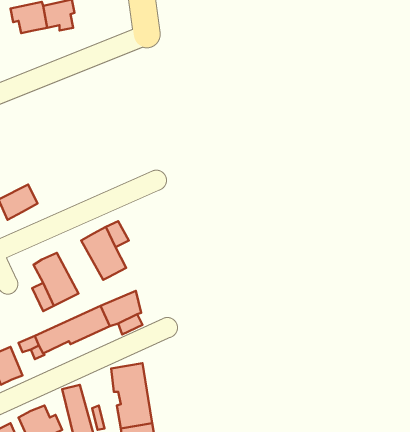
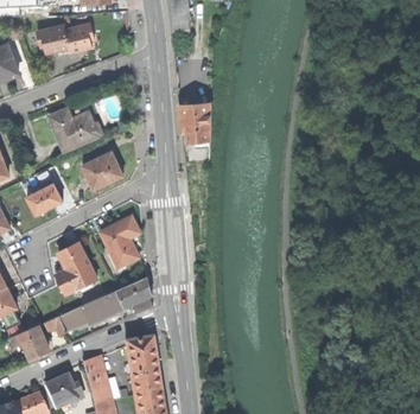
building: none -> [179,103,212,141]
building: none -> [49,108,100,151]
building: none -> [81,151,121,190]

